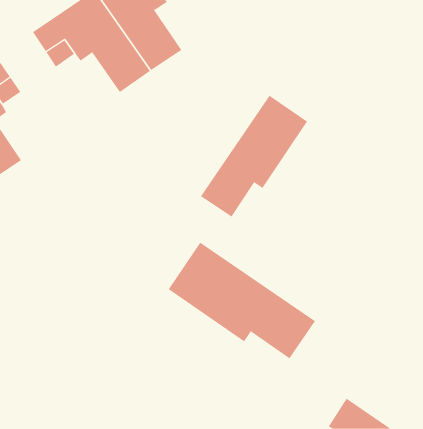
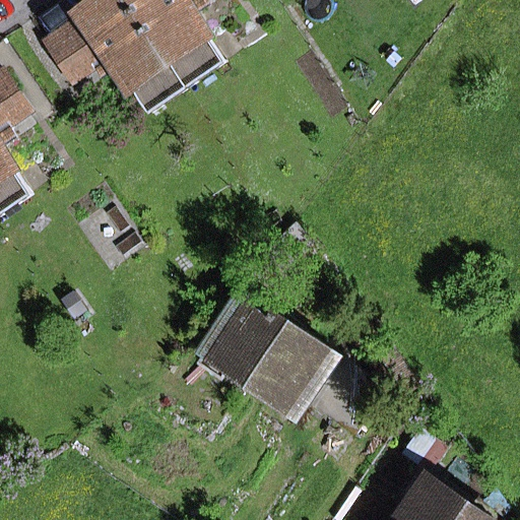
building: [200,95,308,217] -> none

